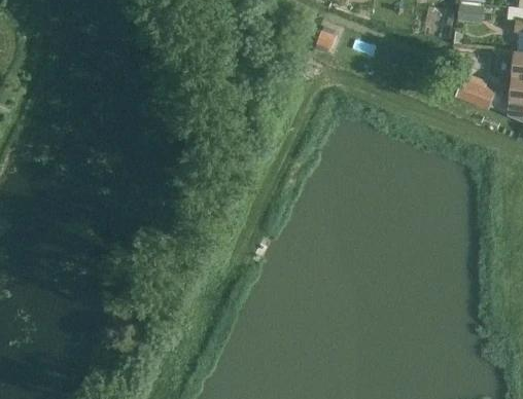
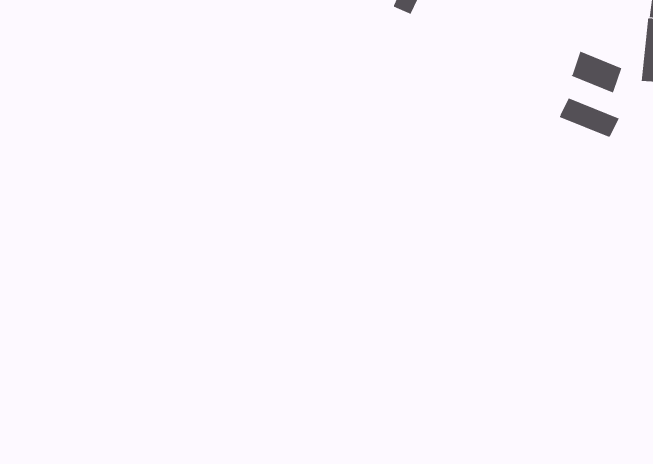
building: none -> [559,98,620,138]

